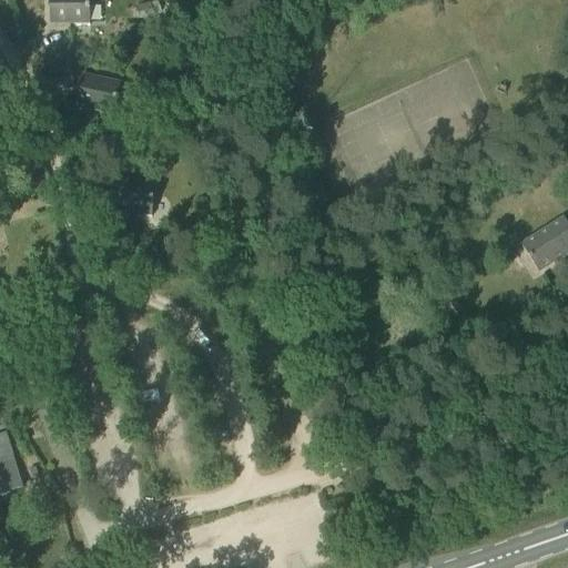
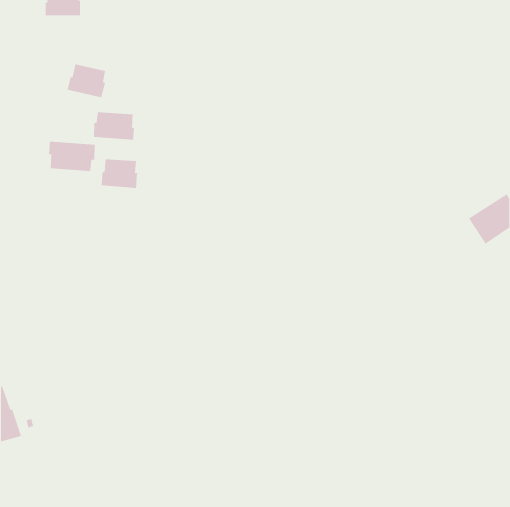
building: none -> [93,111,135,140]
building: none -> [49,141,95,172]

